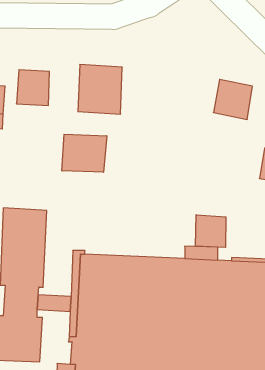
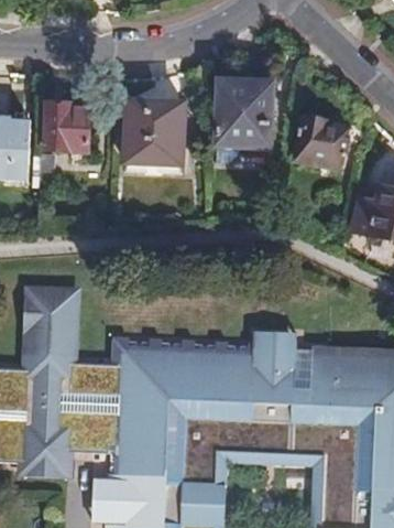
building: none -> [211,83,266,147]
building: [62,134,107,172] -> none
building: [195,215,226,247] -> none

